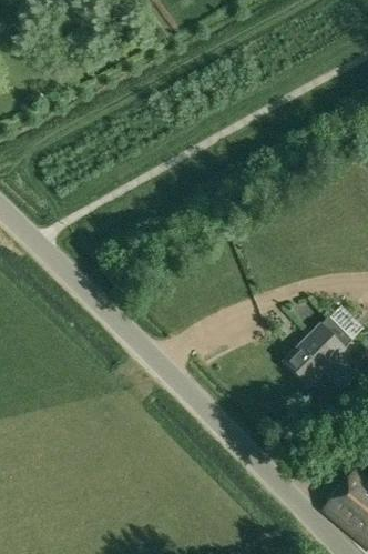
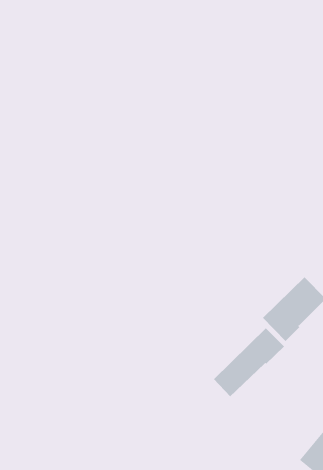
building: none -> [213,328,285,397]

